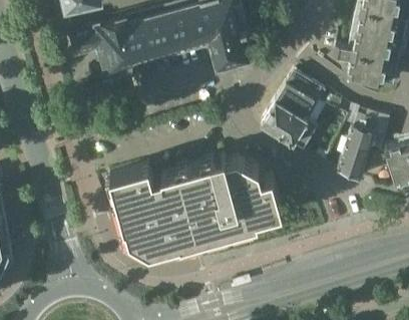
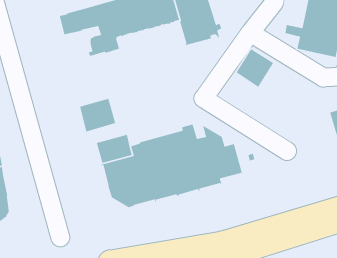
building: [260,100,316,149] -> none
building: [337,115,387,181] -> none
building: none -> [79,98,116,132]

